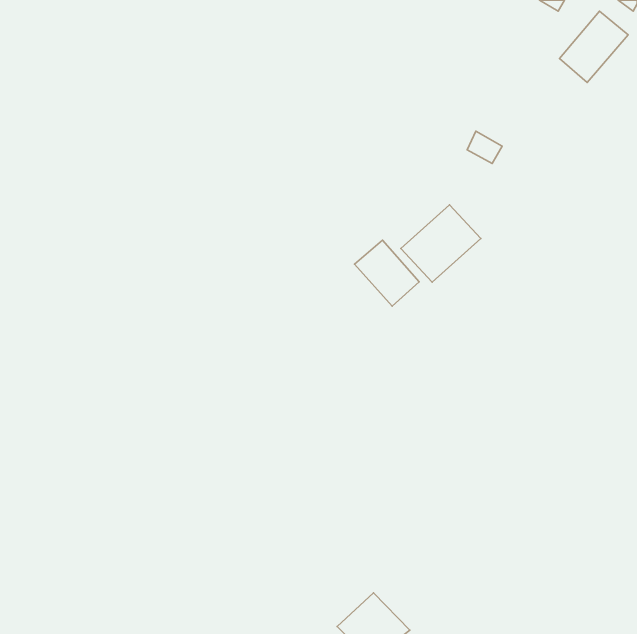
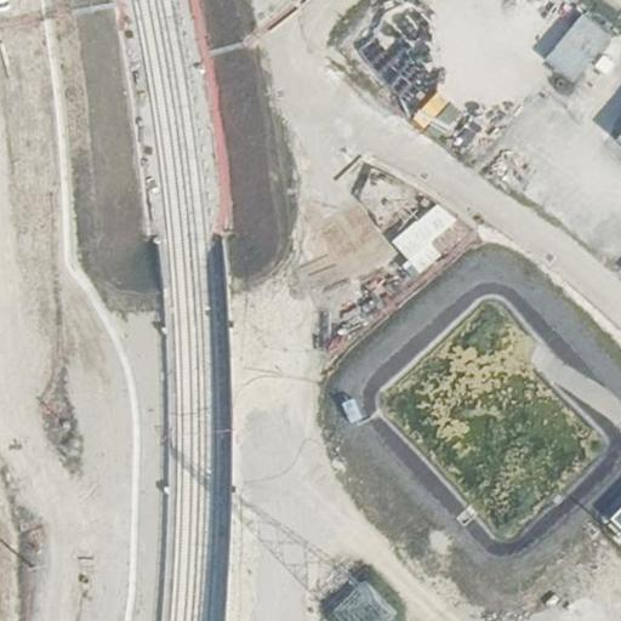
building: [354,240,419,306] -> none

